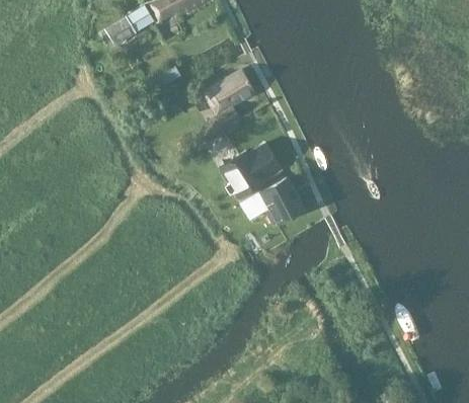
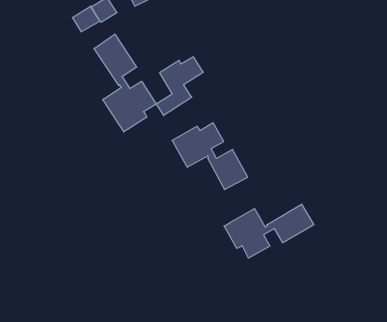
building: none -> [94,34,156,132]
building: none -> [224,204,314,258]

